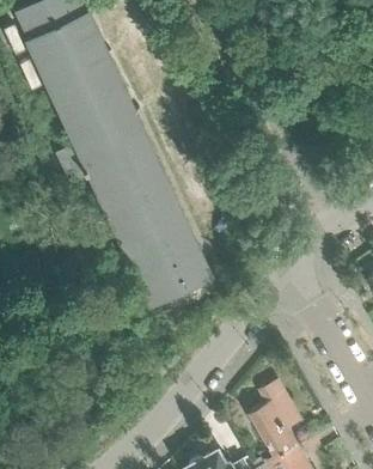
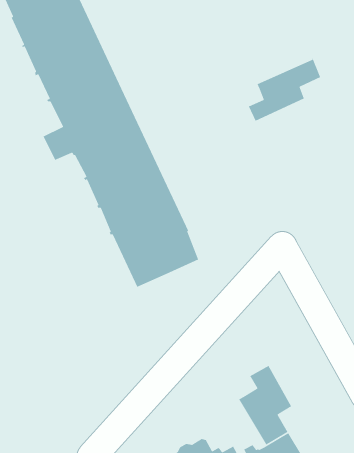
building: none -> [248,57,321,122]

